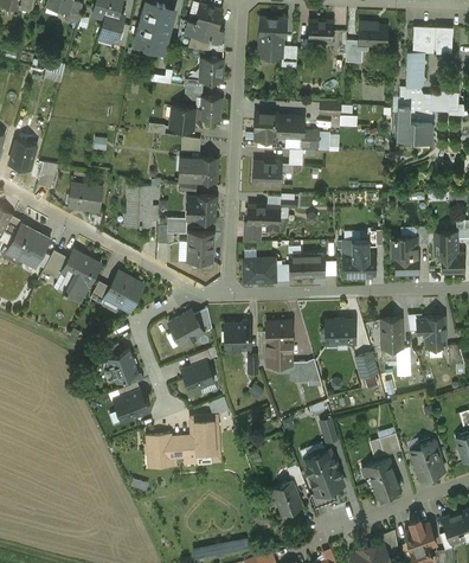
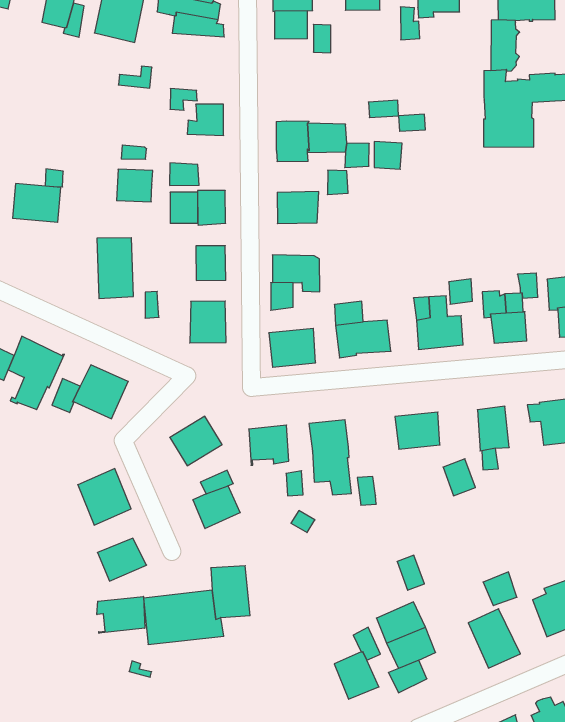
building: [200,59,223,83] -> none
building: [169,107,195,130] -> [117,169,153,202]
building: [68,184,102,212] -> [13,184,61,222]
building: none -> [97,596,145,633]

